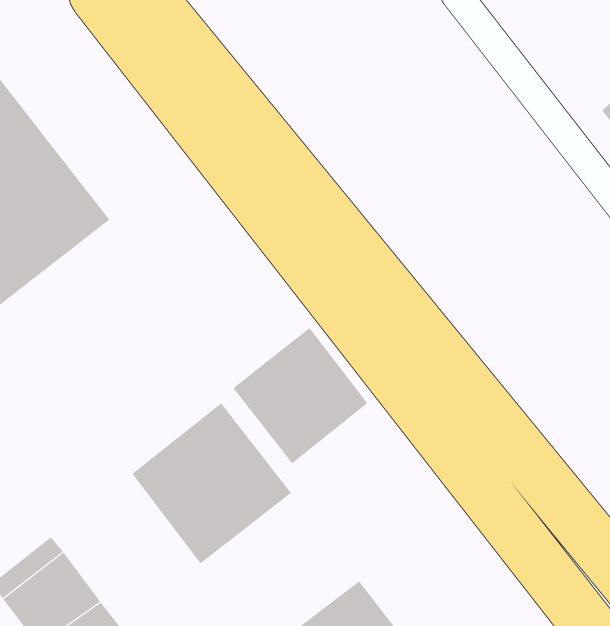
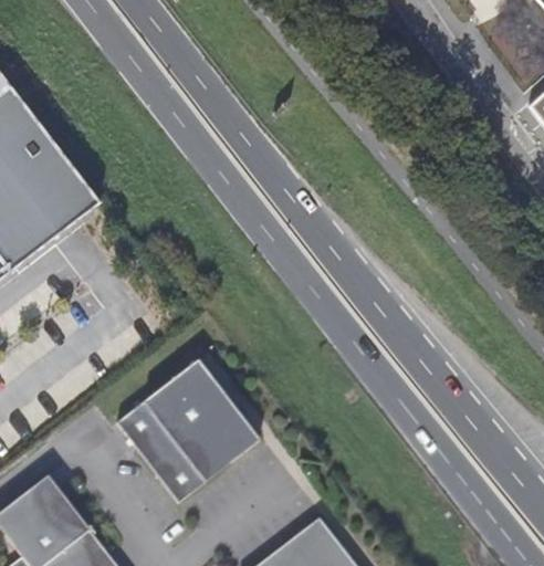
building: [232,327,368,464] -> none

